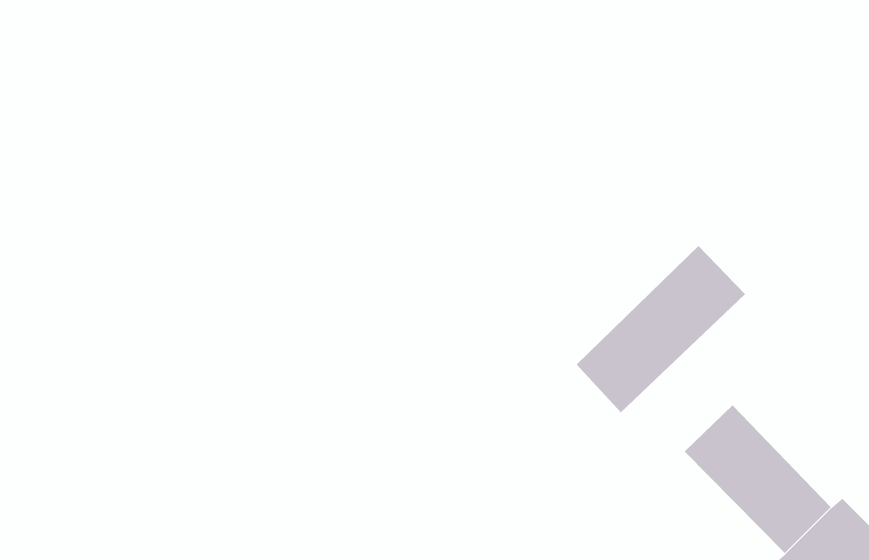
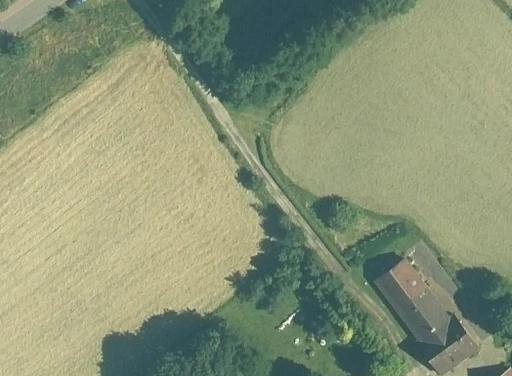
building: [576,245,746,413] -> none

